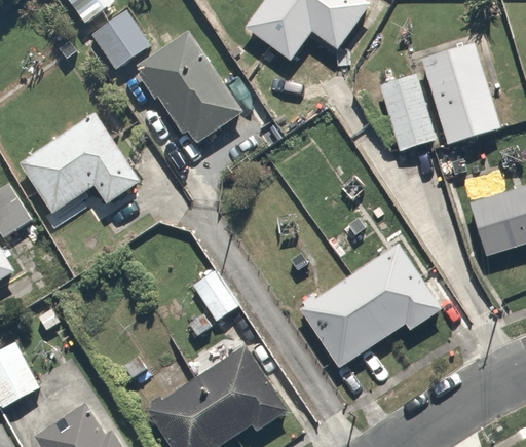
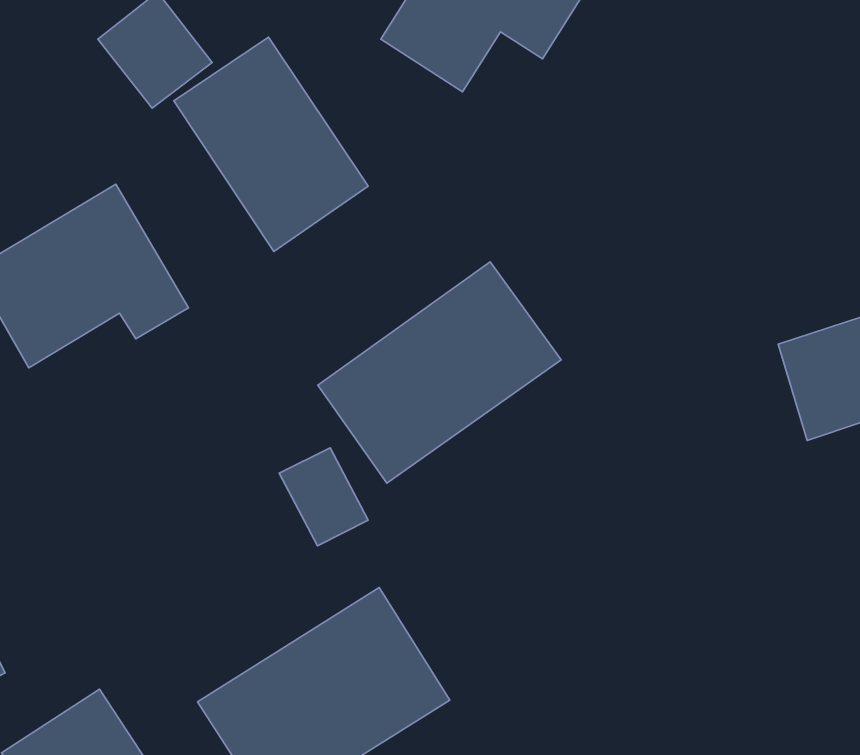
building: [420,44,501,143] -> none
building: [378,71,437,153] -> none
building: [303,241,441,367] -> [318,262,561,483]

